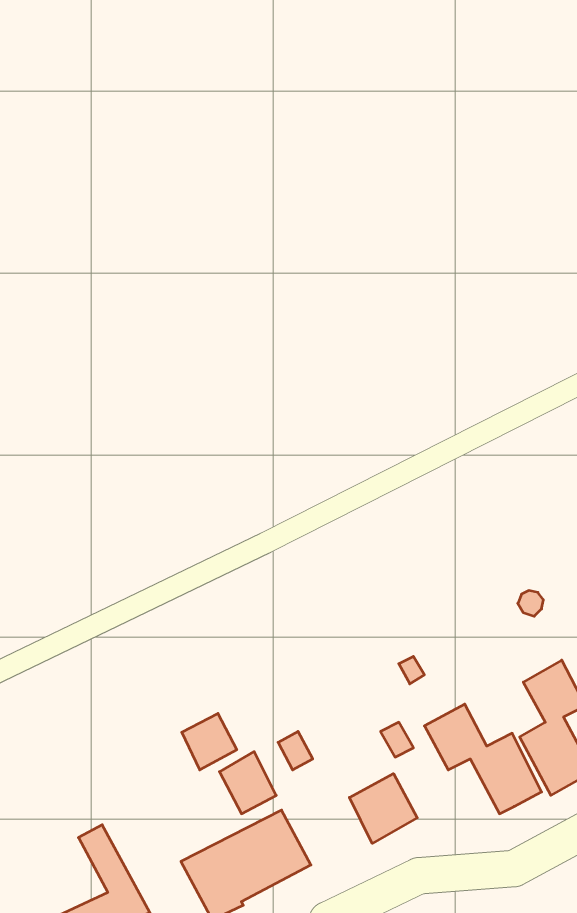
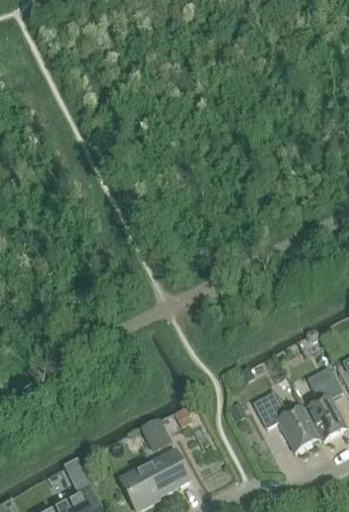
building: [182,713,237,770] -> none
building: [349,774,417,843] -> none

